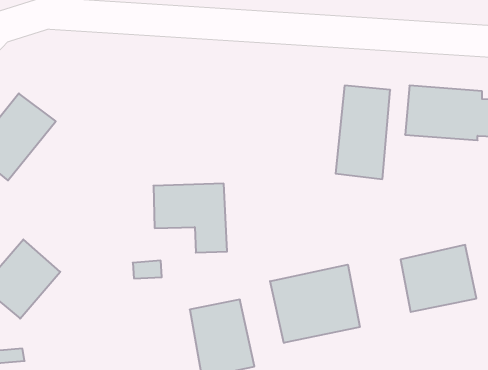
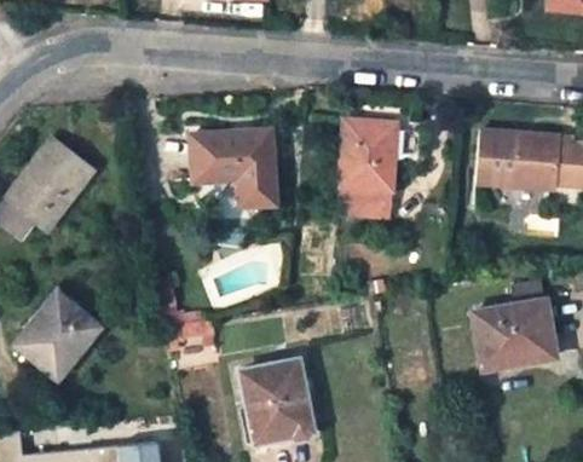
building: [336,86,390,179] -> [336,120,396,221]
building: [153,184,227,253] -> [194,131,273,206]
building: [270,265,360,343] -> none

